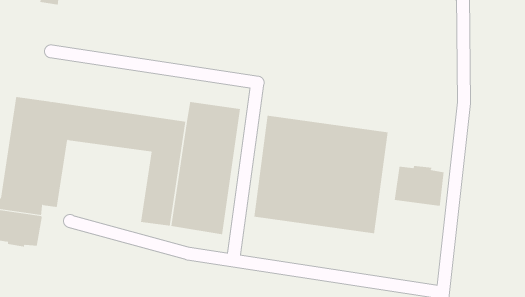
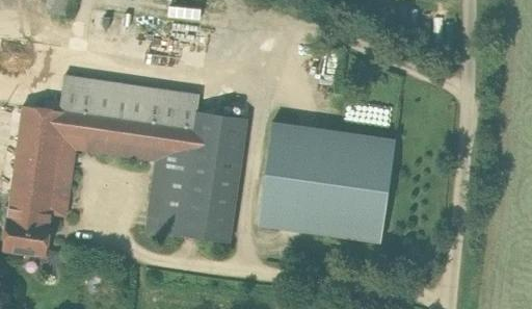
building: none -> [59,75,198,130]
building: [394,165,444,207] -> none

